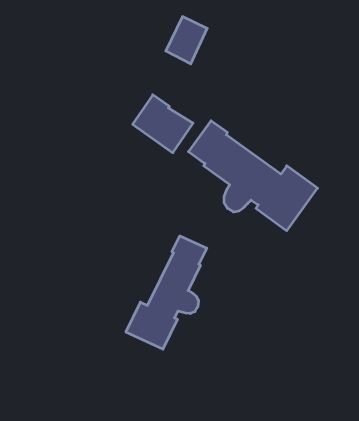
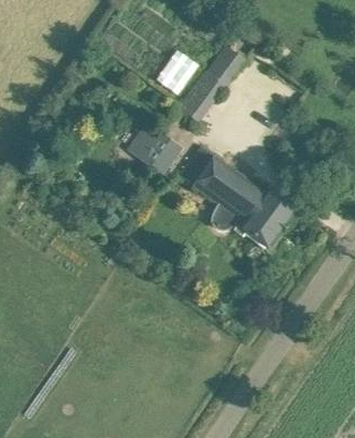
building: none -> [179,45,244,122]
building: [126,236,207,349] -> none

